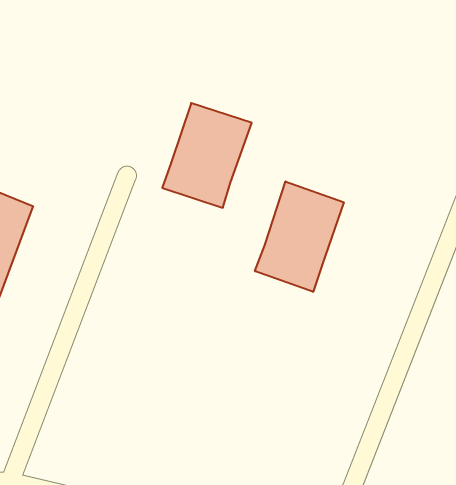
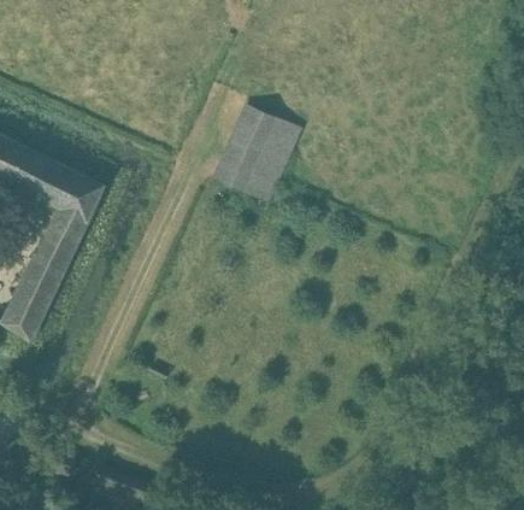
building: [255,181,344,292] -> none

